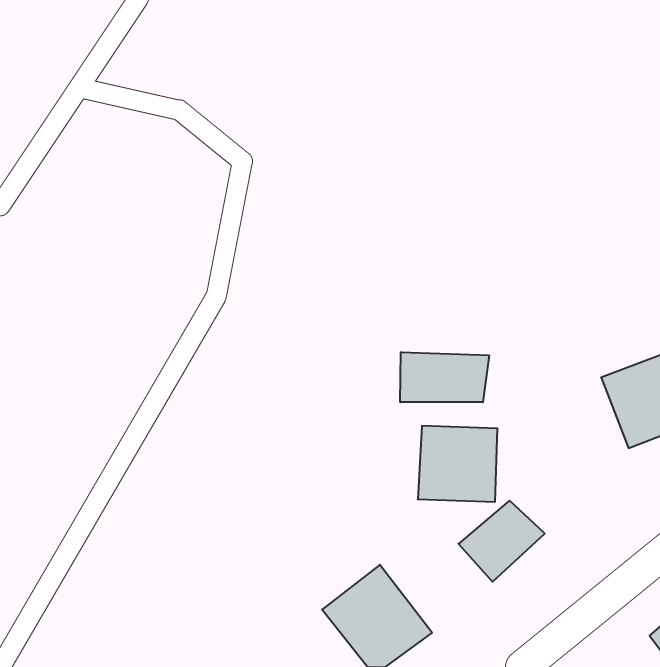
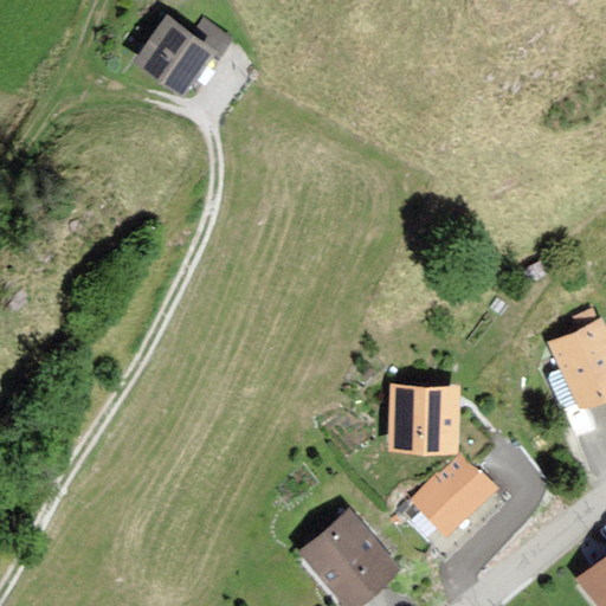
building: none -> [130,17,236,96]
building: [400,352,489,402] -> none

